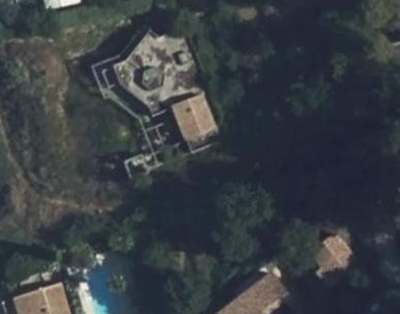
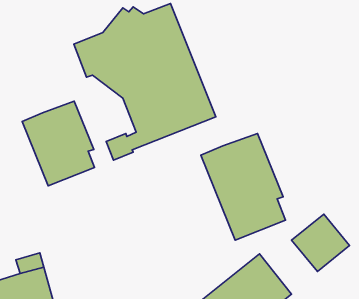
building: none -> [22,101,95,186]
building: none -> [201,133,286,240]

